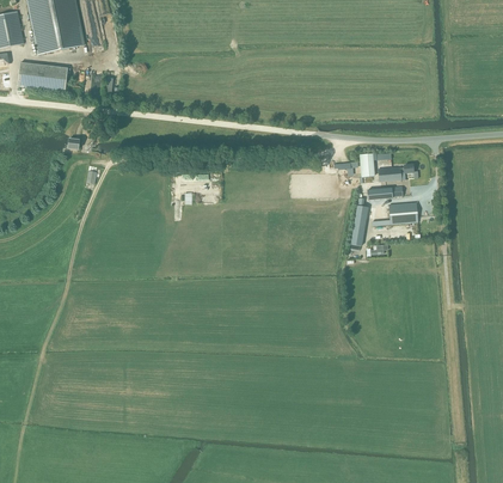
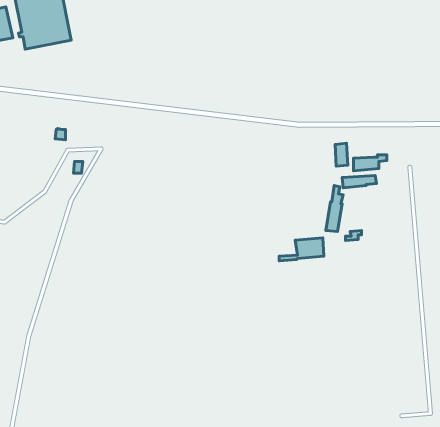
building: [17,61,68,91] -> none
building: [372,201,418,225] -> [279,238,324,261]

